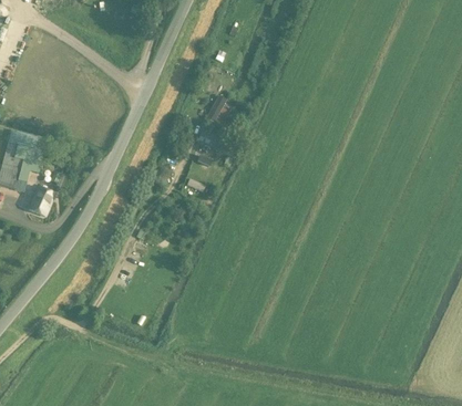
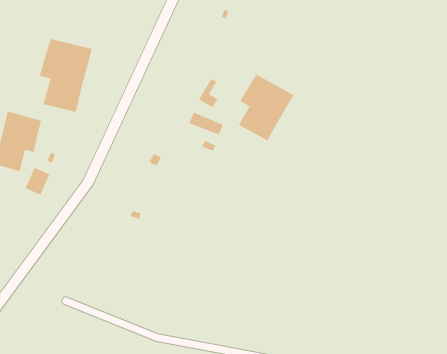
building: none -> [39,38,93,113]
building: none -> [238,74,295,142]

